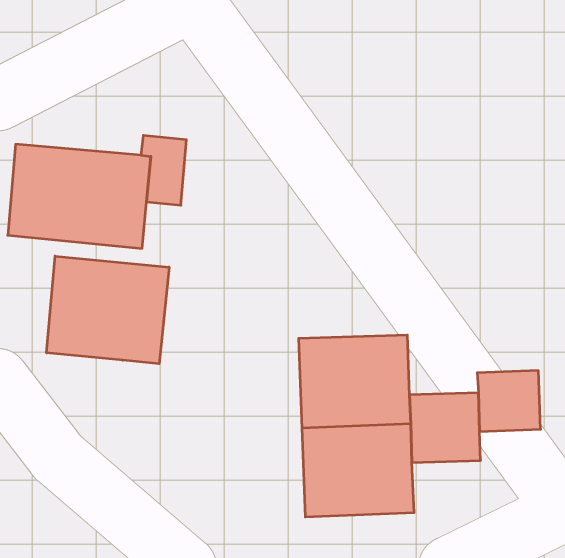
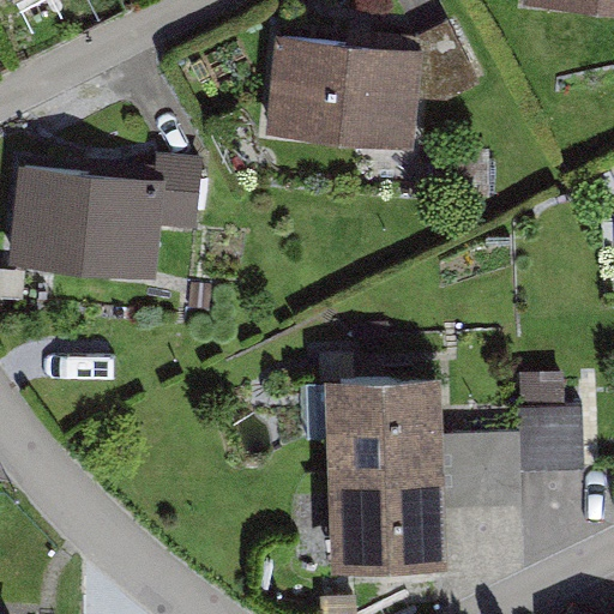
building: none -> [266,30,476,151]
building: [47,256,169,364] -> none

